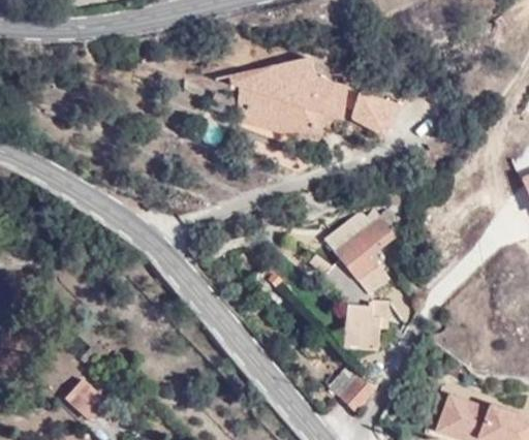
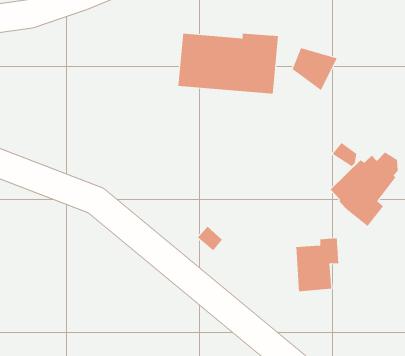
building: [321,209,396,283] -> [330,152,399,227]
building: [323,365,370,411] -> none

